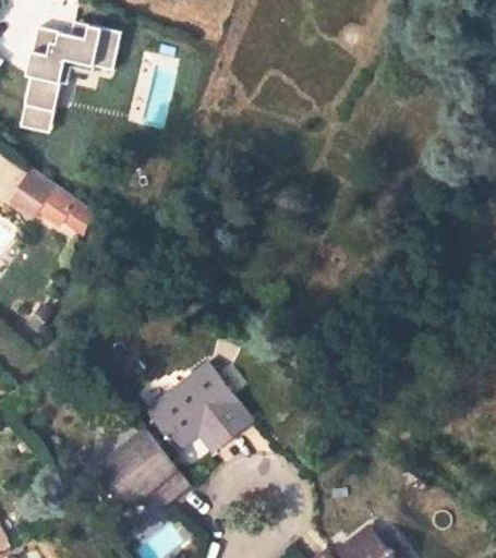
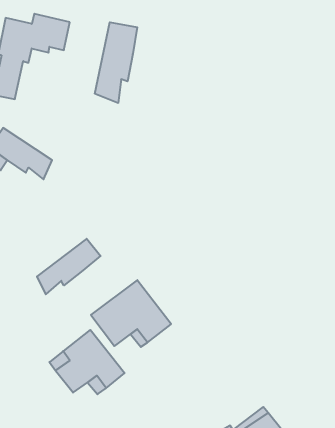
building: none -> [95,22,137,103]
building: none -> [37,239,101,294]

